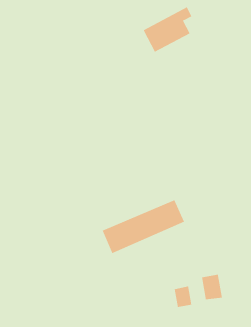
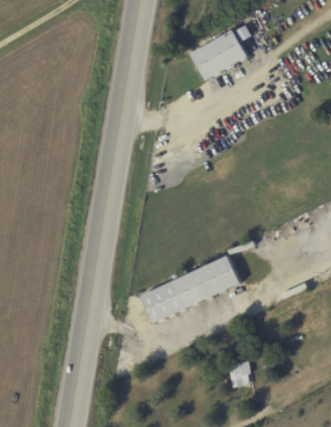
building: [202,274,222,300] -> none

